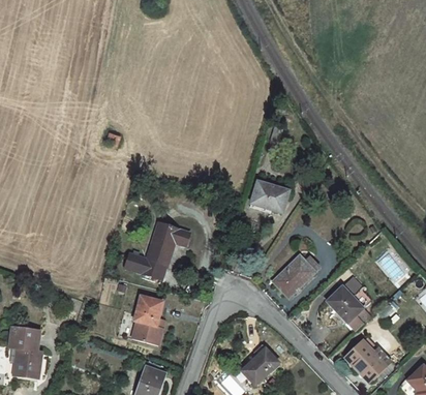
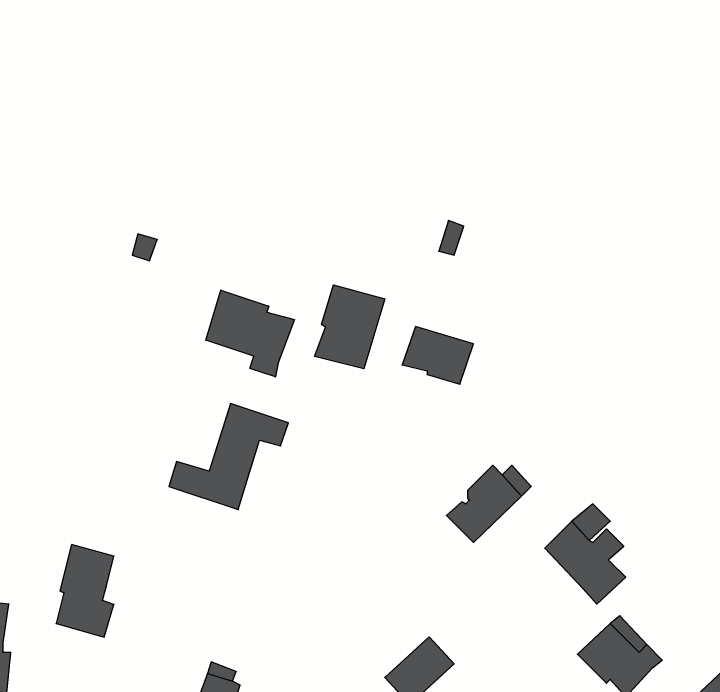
building: none -> [315,285,385,369]
building: none -> [206,290,294,377]
building: [131,295,162,344] -> [56,545,114,637]

